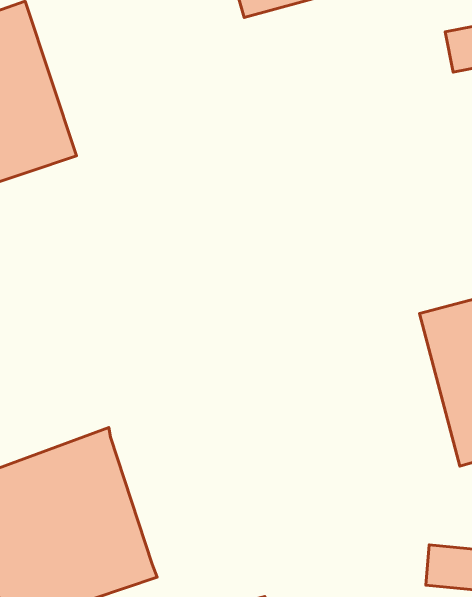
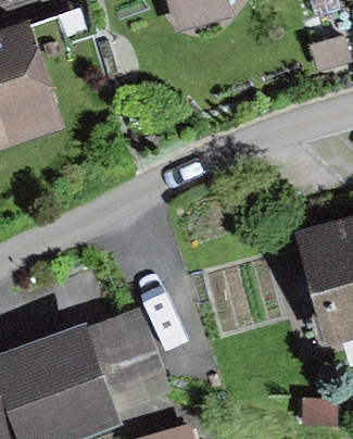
building: none -> [88,303,171,406]

